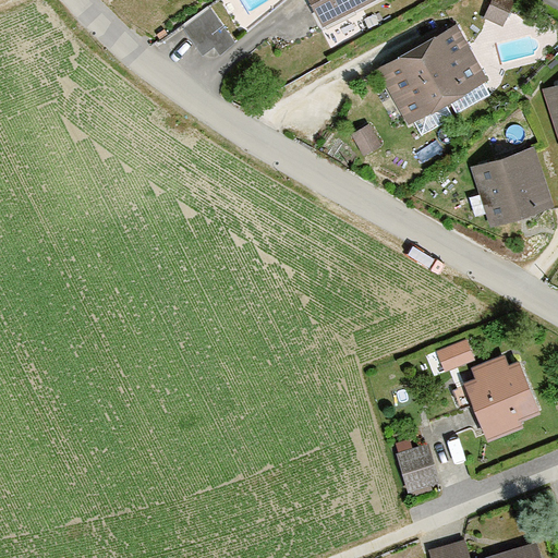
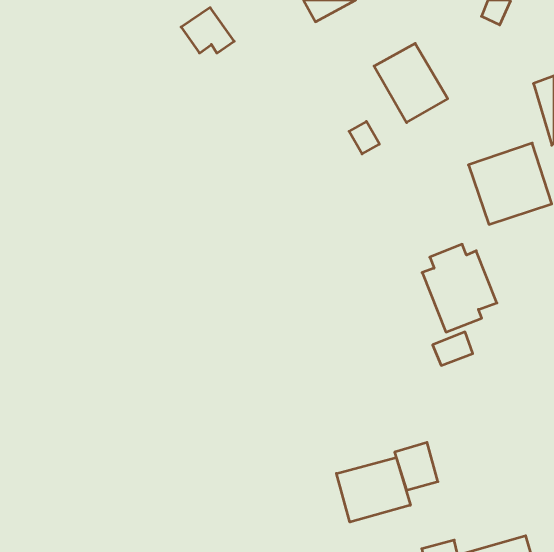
building: [417,23,488,101] -> none
building: [464,357,539,446] -> [422,244,497,332]
building: none -> [336,457,410,522]

